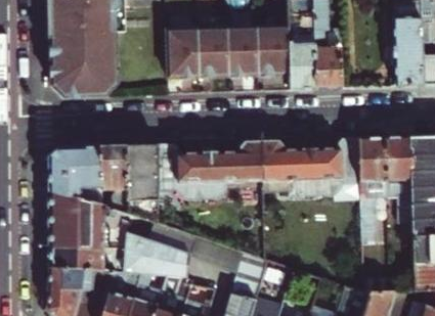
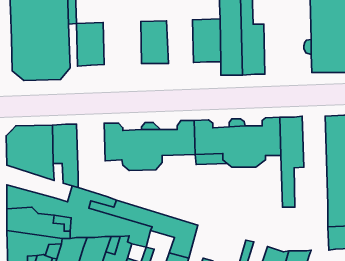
building: [229,26,260,76] -> none
building: [169,28,201,78] -> [77,22,104,66]
building: [385,136,415,237] -> none
building: [126,144,160,205] -> none
building: [46,192,111,230] -> none

